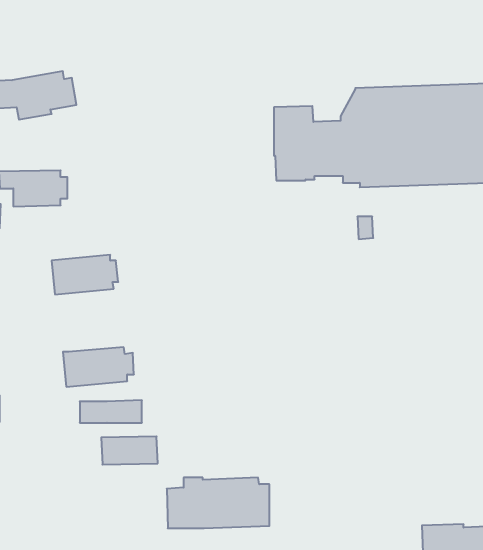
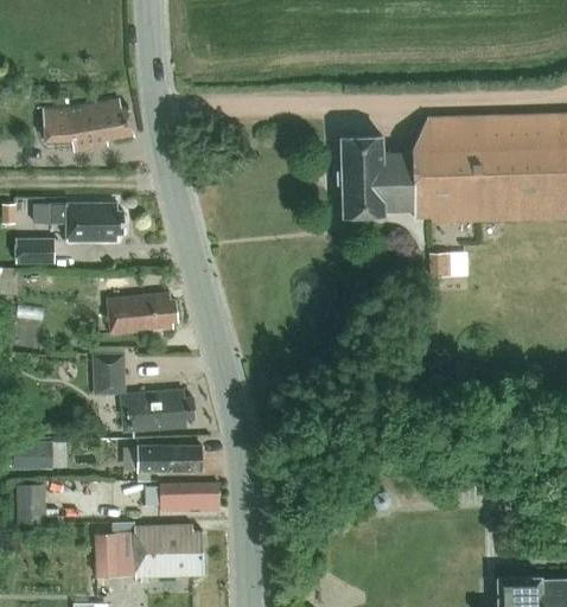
building: none -> [91,356,126,397]
building: [167,478,269,528] -> [96,524,204,577]

